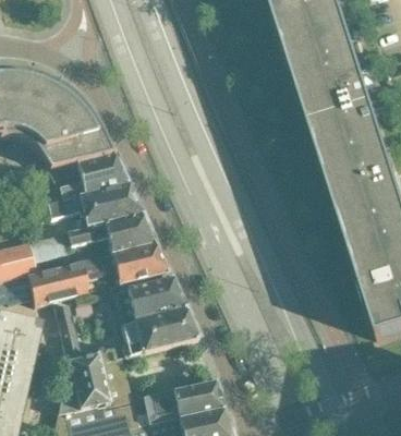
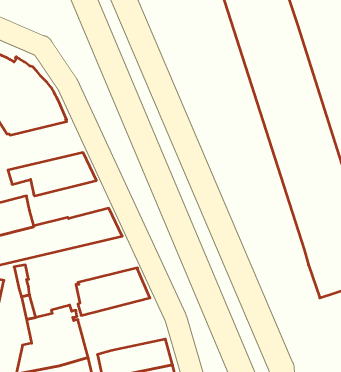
building: [45,153,127,203] -> none
building: [68,214,155,254] -> none
building: [114,277,185,322] -> none

